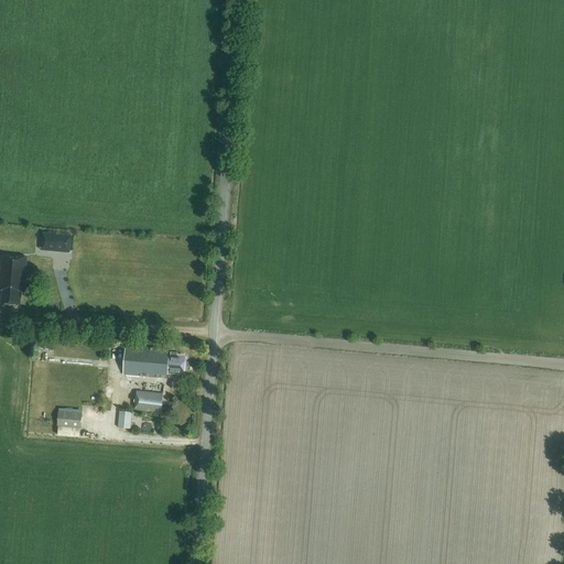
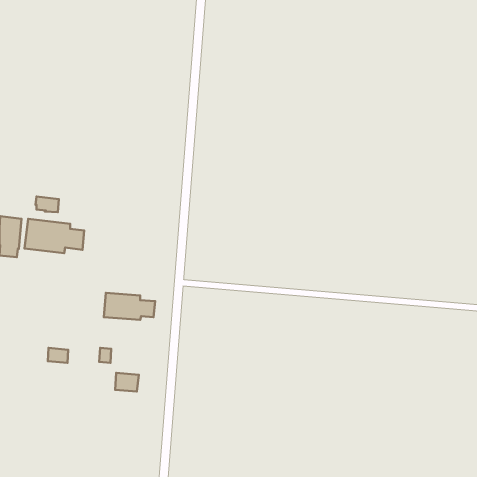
building: none -> [25,219,84,253]
building: [134,390,162,412] -> [115,373,139,392]

